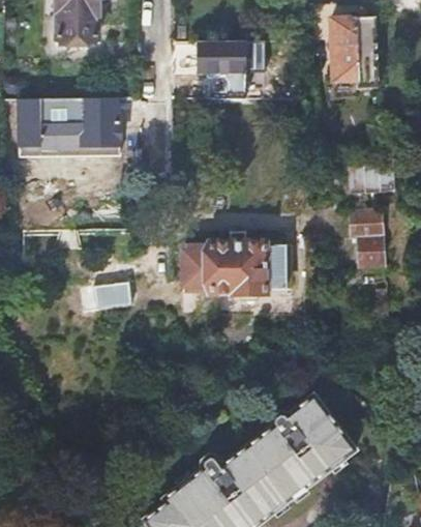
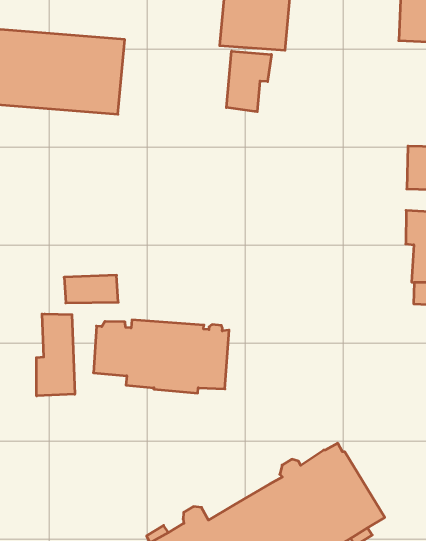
building: none -> [226,51,271,112]
building: [183,239,287,293] -> [93,320,229,393]
building: none -> [36,314,75,396]

